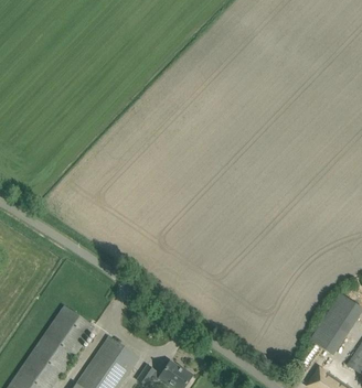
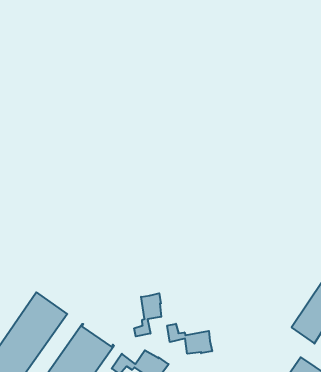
building: none -> [134,293,161,336]
building: none -> [167,324,212,354]

